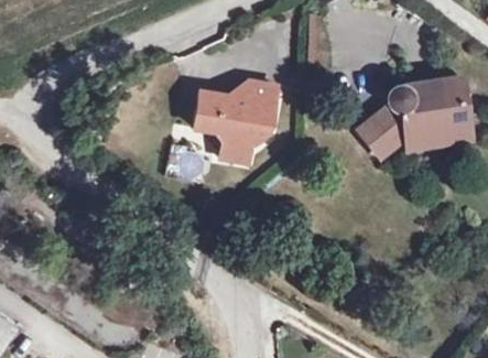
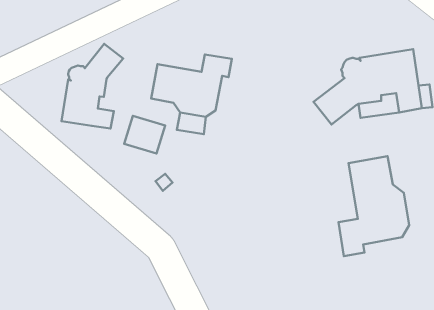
building: none -> [61,44,123,129]
building: none -> [338,156,409,256]

